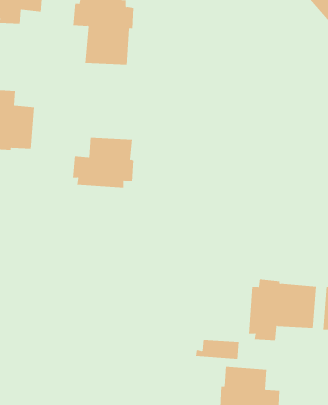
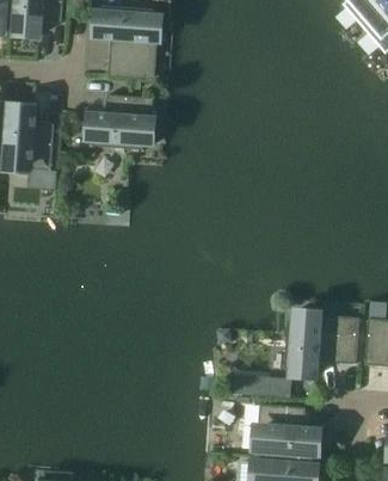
building: [72,137,134,188] -> [87,93,154,148]

